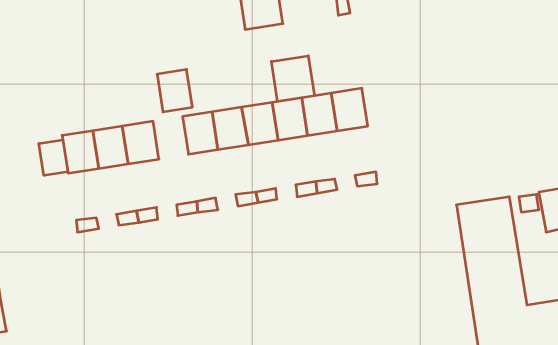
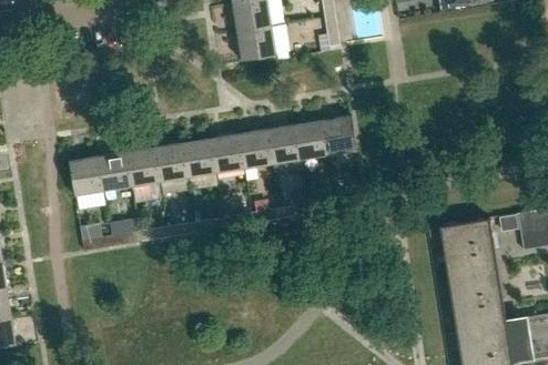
building: [271,56,314,101] -> none
building: [157,69,192,112] -> [154,142,187,182]
building: [39,140,68,175] -> none

